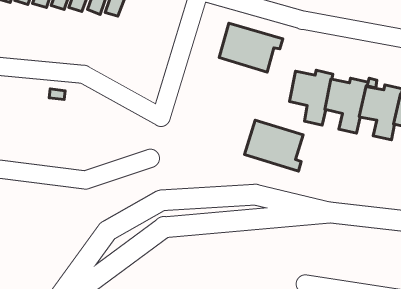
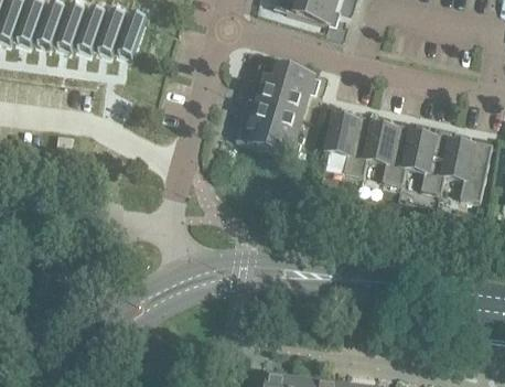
building: [244,120,303,171] -> [235,97,301,154]

